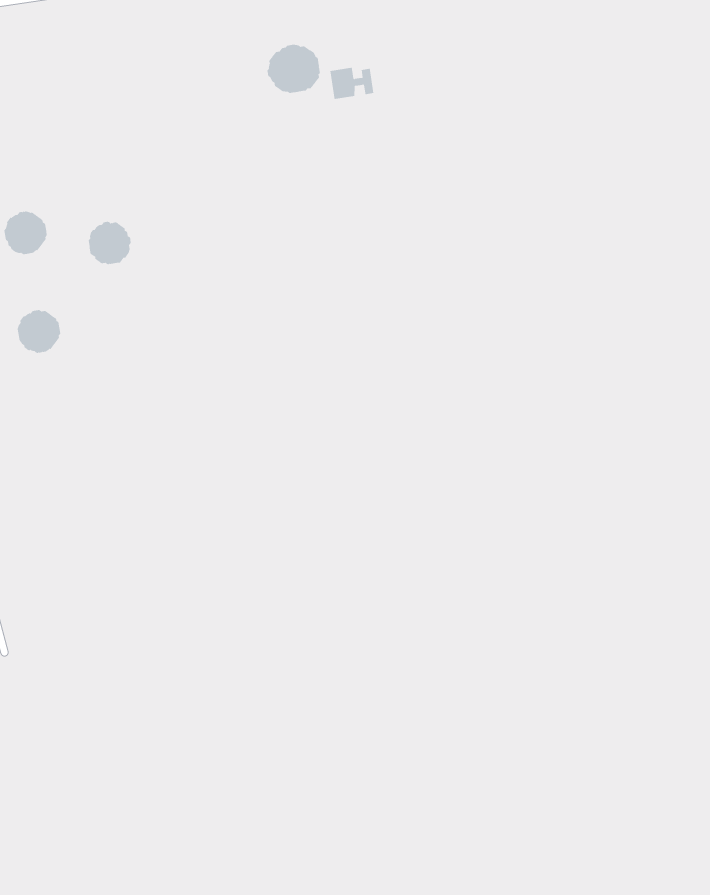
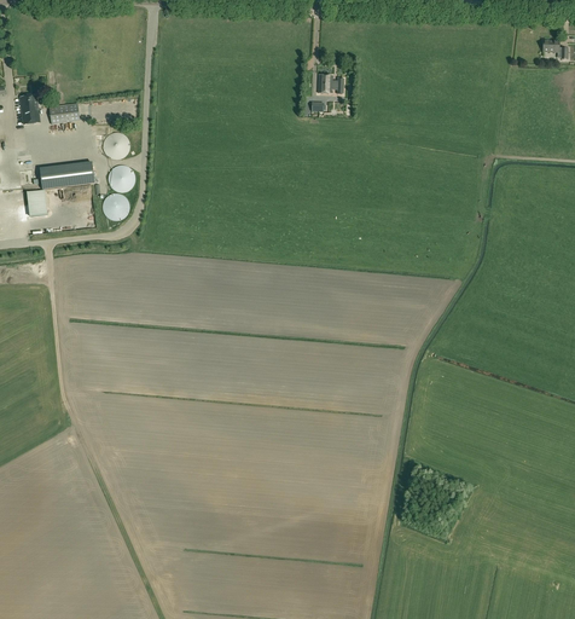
building: [267,44,320,94] -> none
building: [88,221,132,265] -> [109,164,135,191]

